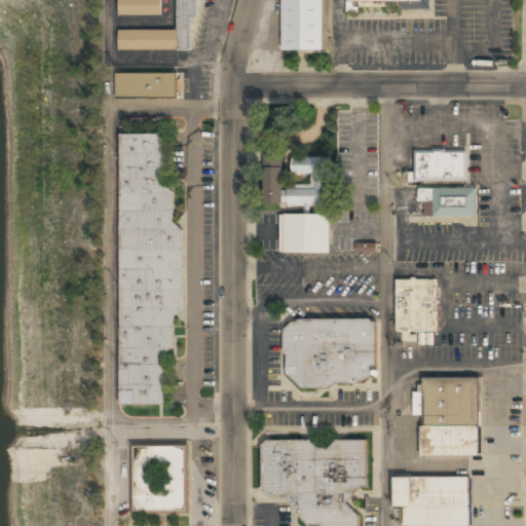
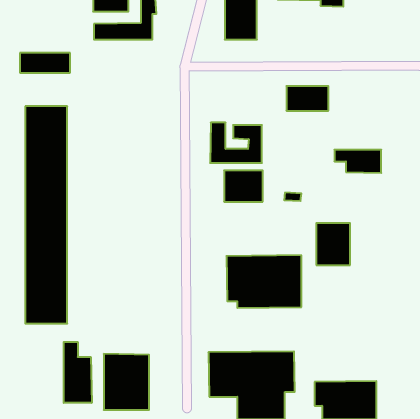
building: [114,73,177,98] -> [20,53,70,73]
building: [119,133,172,404] -> [25,106,67,324]
building: [412,149,464,180] -> [286,86,328,111]
building: [419,376,479,455] -> none
building: none -> [64,342,92,403]

